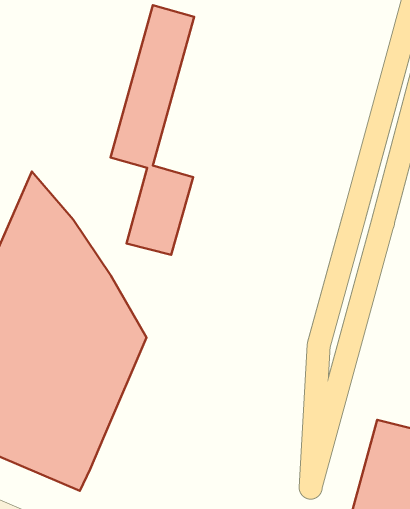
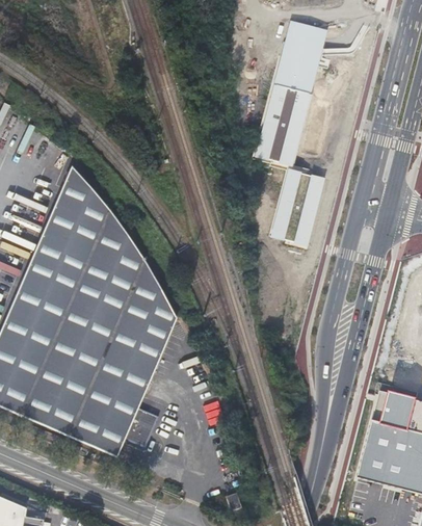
building: [110,5,194,255] -> [254,21,329,247]
building: none -> [124,406,157,445]

